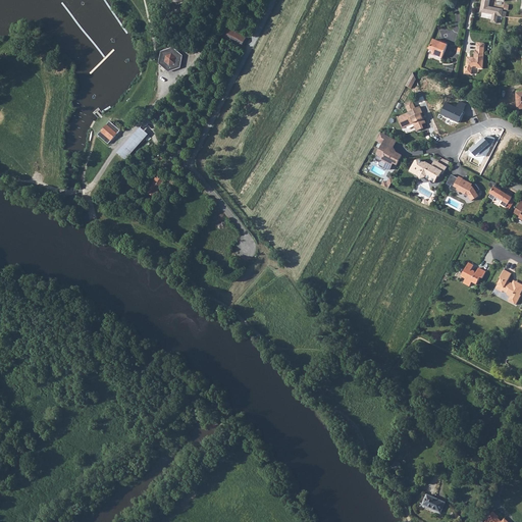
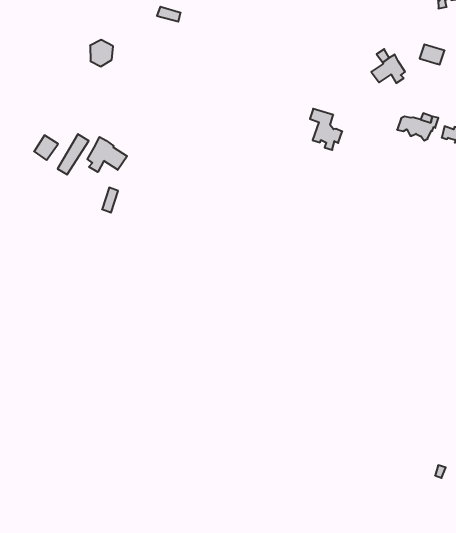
building: [374,130,401,168] -> [310,109,342,150]
building: none -> [87,137,127,172]

